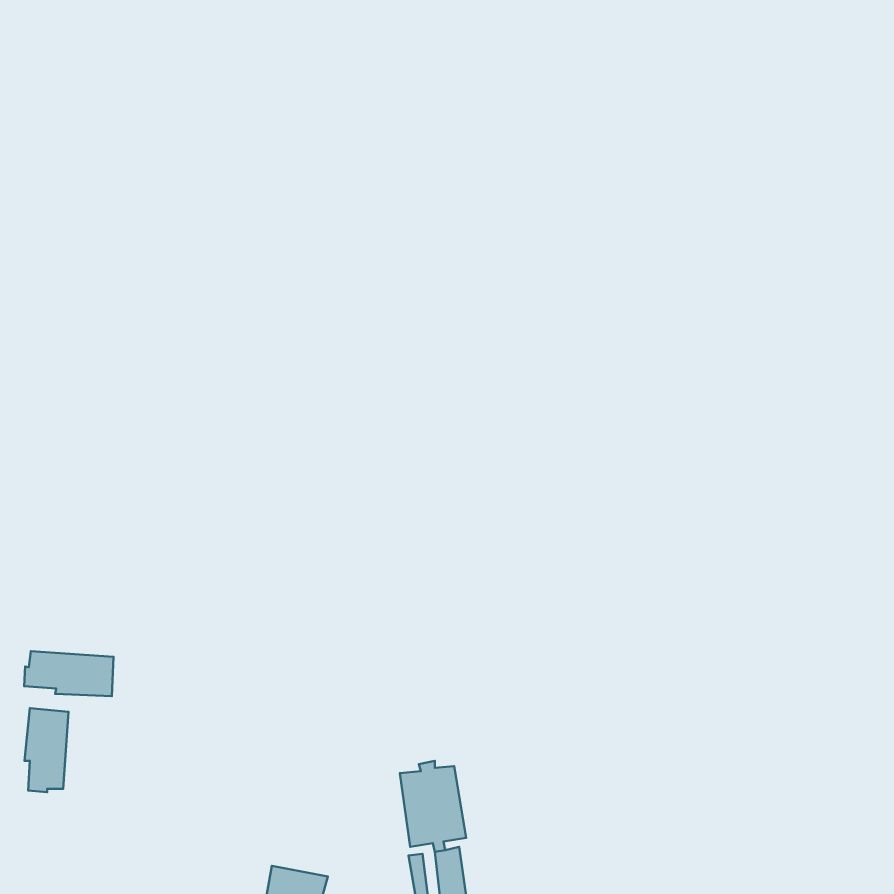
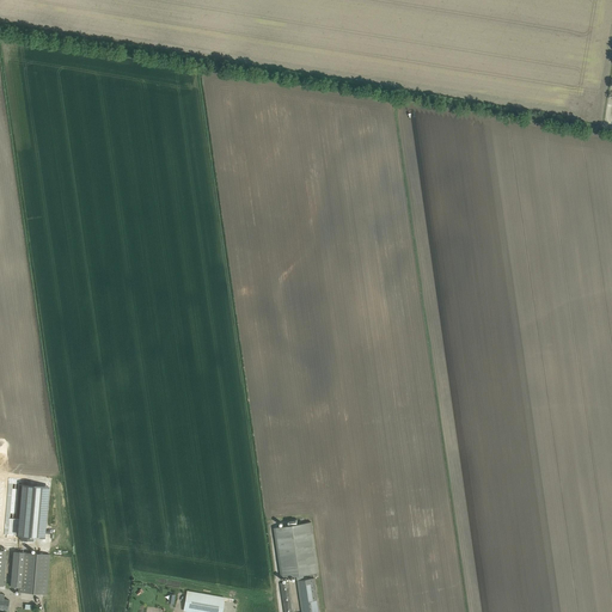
building: [24,651,114,696] -> none
building: none -> [10,552,49,595]

